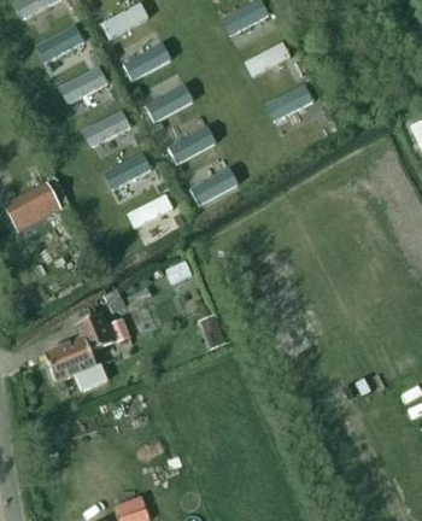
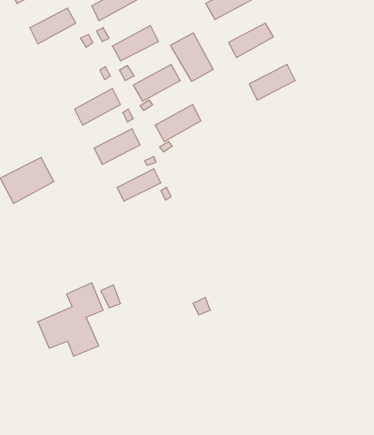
building: none -> [171,33,213,81]
building: [58,66,107,104] -> none
building: [188,168,238,206] -> none

